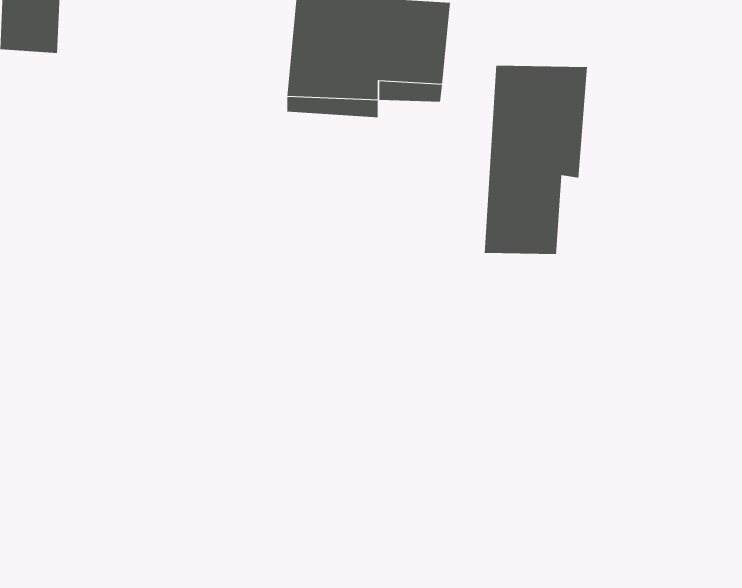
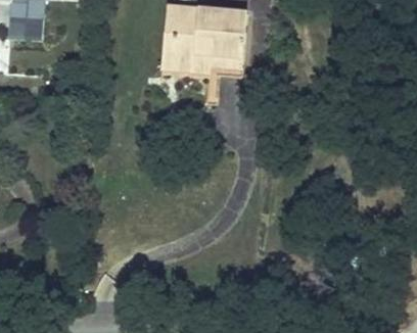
building: [484,65,587,255] -> none

